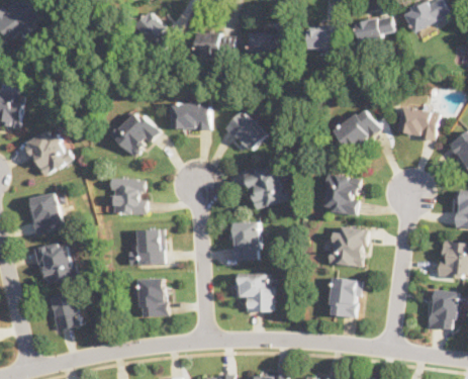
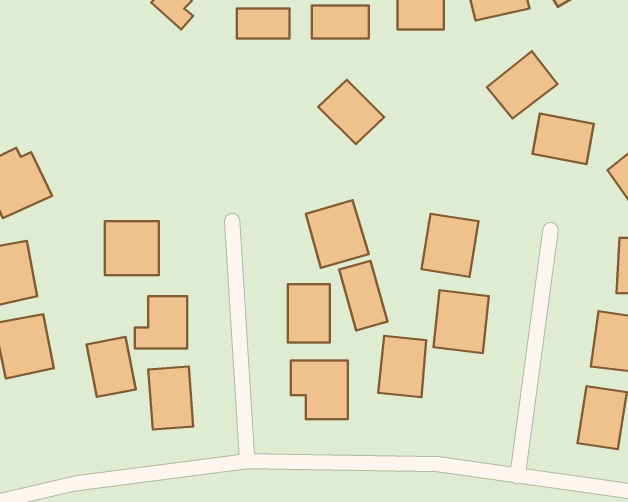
building: [170,104,208,130] -> none
building: [332,107,379,153] -> [487,51,557,119]
building: [109,108,162,161] -> none
building: [222,109,267,153] -> [318,80,384,144]
building: none -> [339,261,388,330]
building: [326,277,359,318] -> [378,336,426,397]
building: [49,291,82,331] -> [86,337,136,397]

